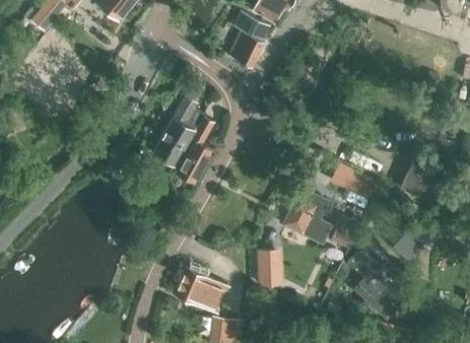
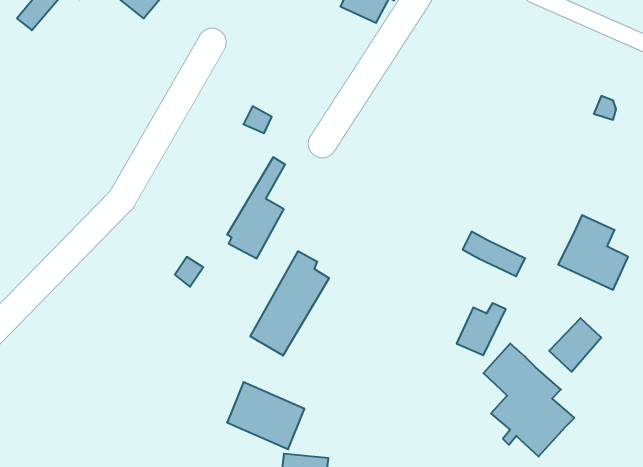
building: [228,12,271,70] -> none
building: [152,96,206,167] -> [250,251,329,356]
building: [283,192,332,245] -> none
building: [258,249,281,285] -> none

